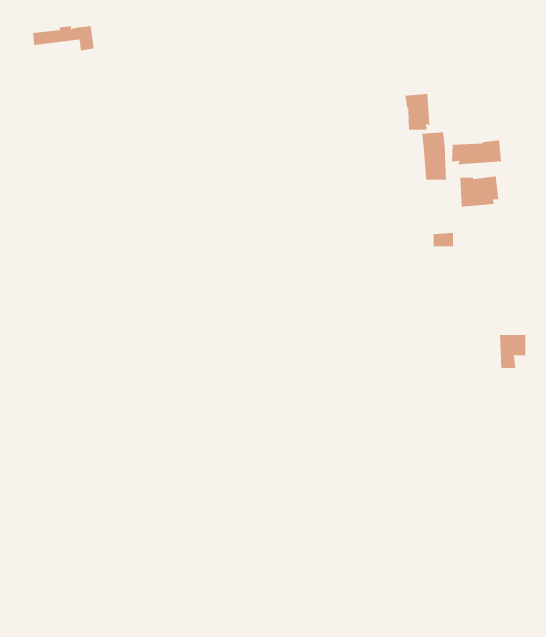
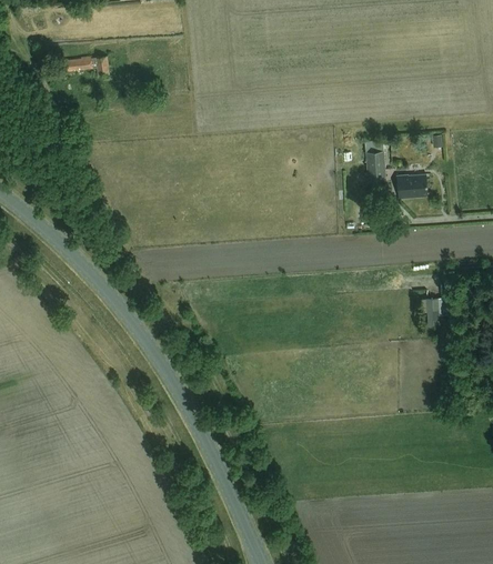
building: [405,93,430,130] -> none
building: [452,140,502,165] -> none

